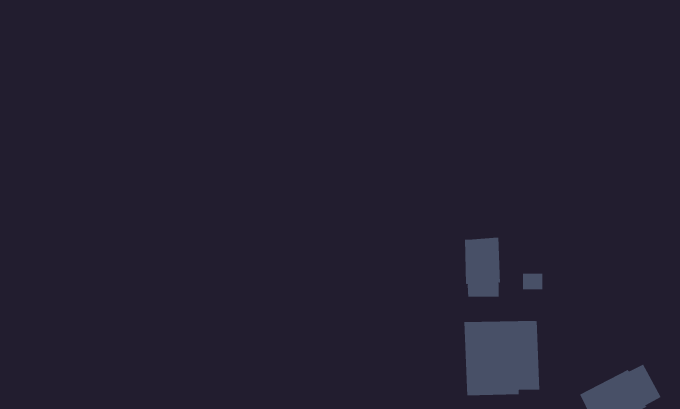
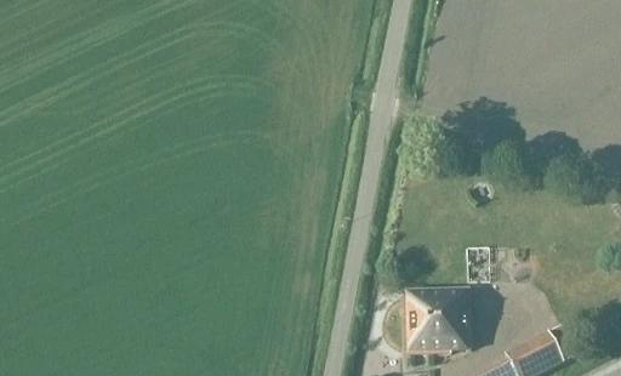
building: [464,237,501,298] -> none

